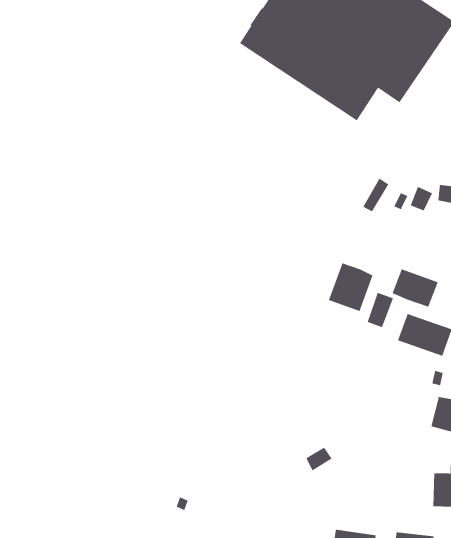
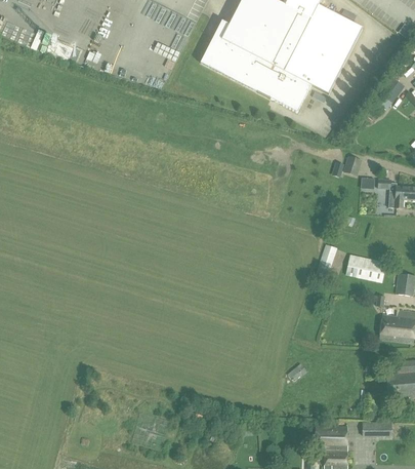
building: [328,262,373,312] -> none
building: [392,269,439,308] -> none

